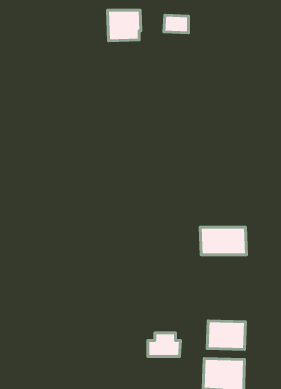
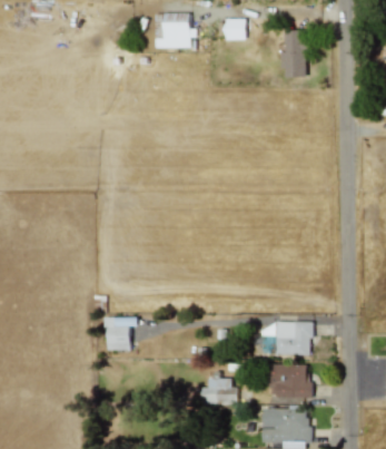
building: none -> [283,30,307,78]
building: [200,227,247,255] -> [260,323,313,354]
building: none -> [107,316,139,350]

